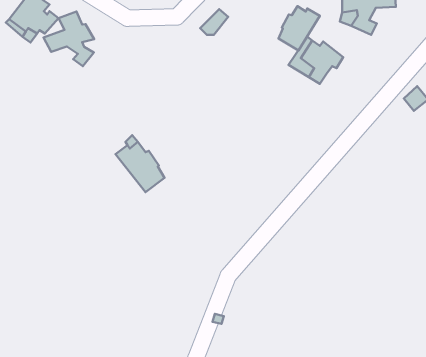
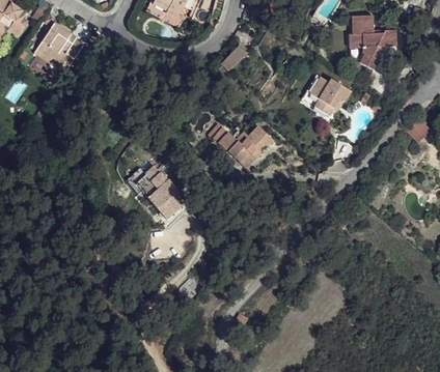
building: [279,6,320,51] -> none
building: [44,11,94,66] -> none
building: none -> [216,126,273,166]

